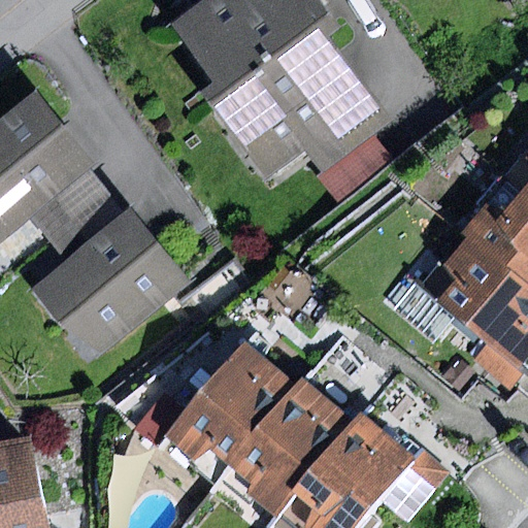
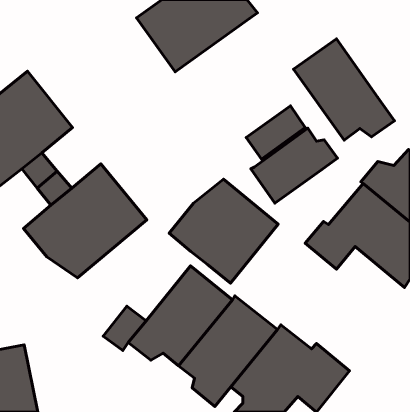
building: [209,24,373,177] -> none
building: none -> [293,39,395,140]
building: none -> [251,128,337,203]
building: none -> [169,179,278,283]

